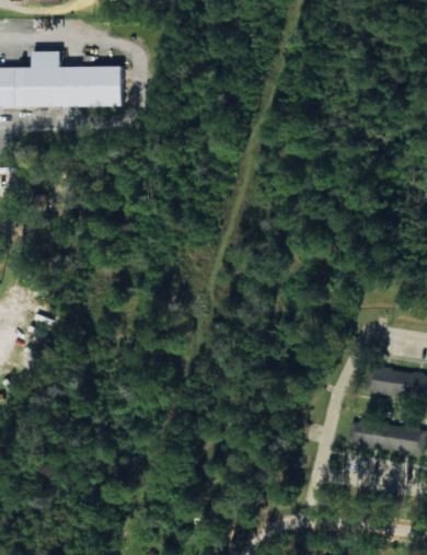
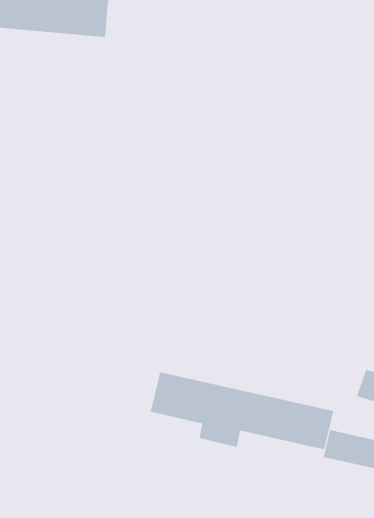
building: none -> [150,371,334,450]

